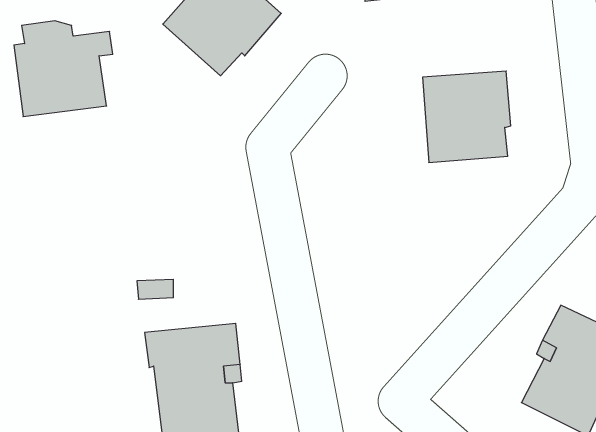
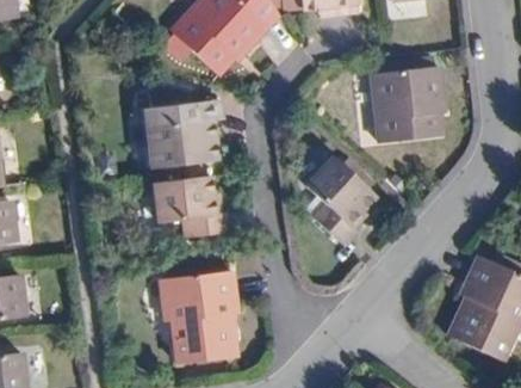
building: [14,21,113,117] -> [143,93,221,168]
building: none -> [310,154,377,244]
building: none -> [154,177,224,235]

